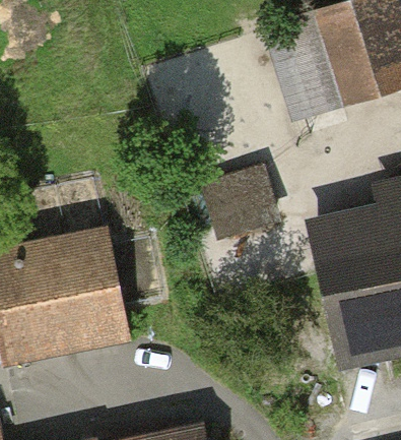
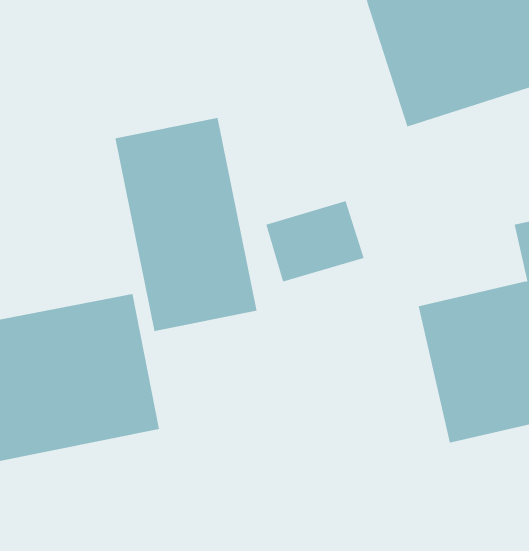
building: none -> [115,117,257,332]

